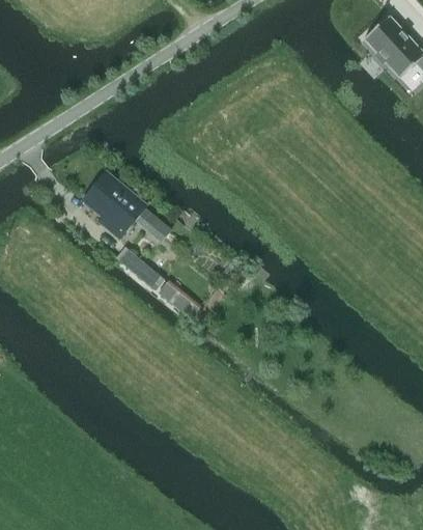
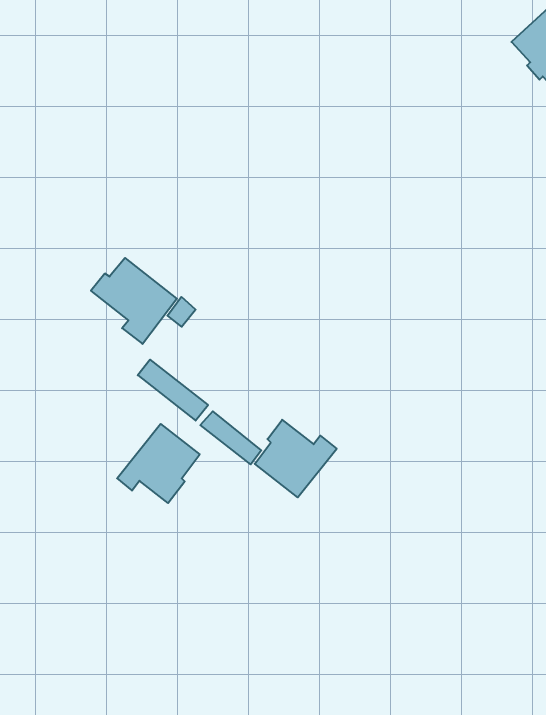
building: none -> [255,420,337,497]
building: none -> [117,424,200,503]

